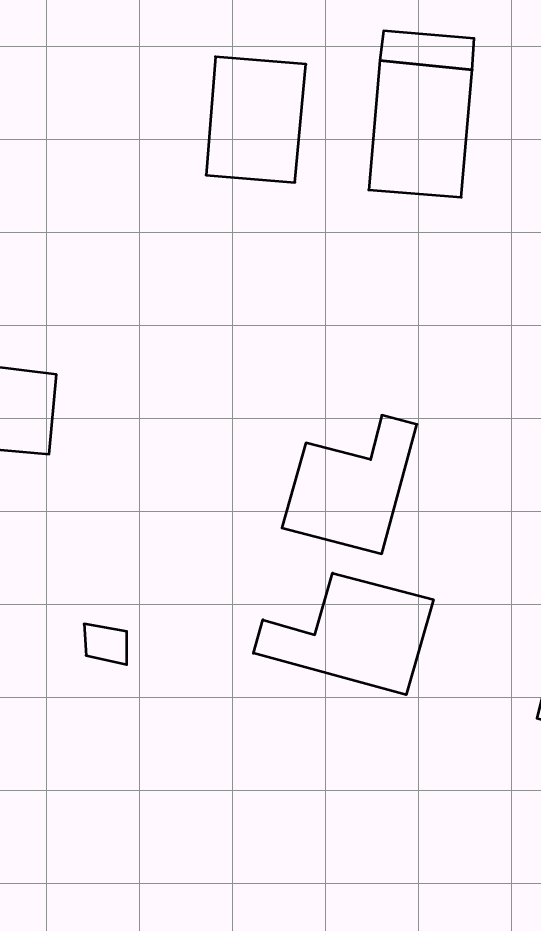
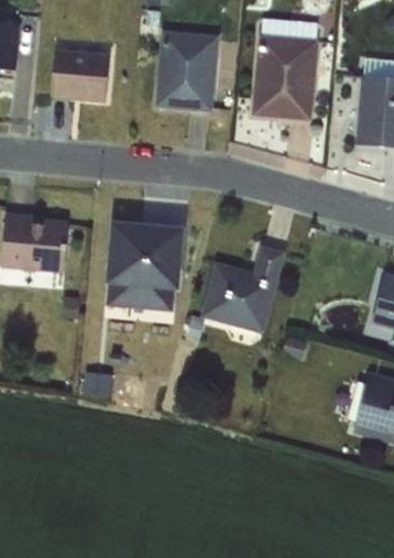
building: none -> [52,52,112,100]
building: none -> [108,220,182,309]
building: [253,573,433,695] -> none

